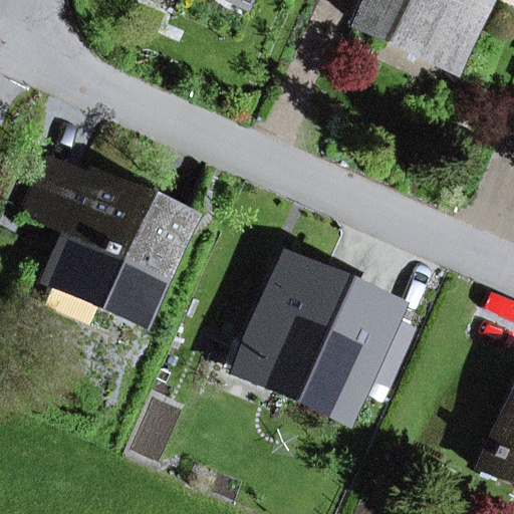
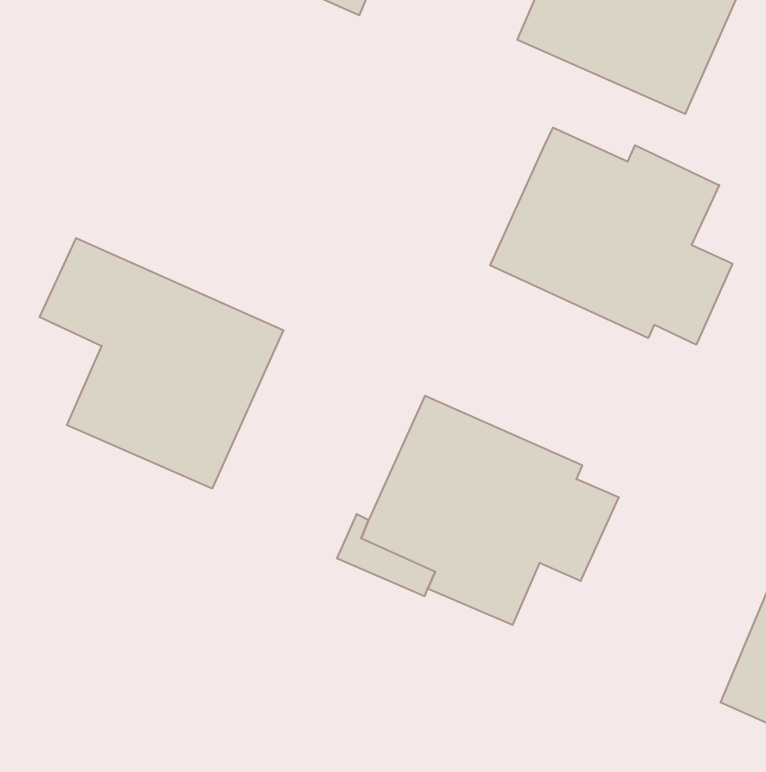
building: none -> [490,128,732,345]

